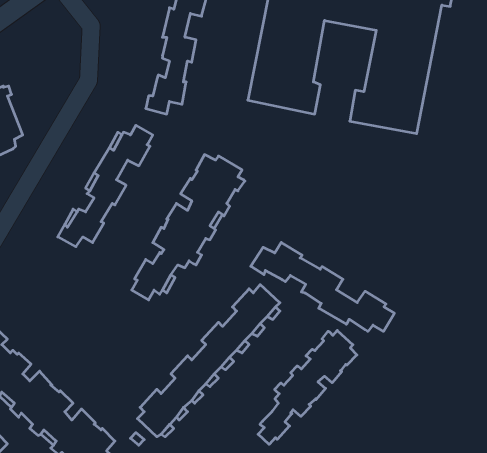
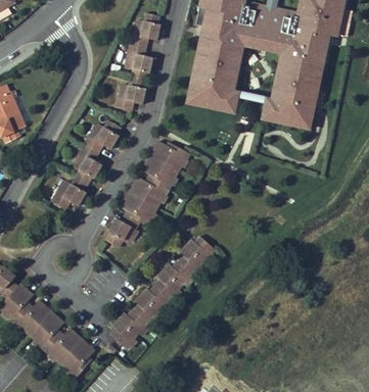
building: [251,242,394,331] -> none
building: [258,330,357,444] -> none

